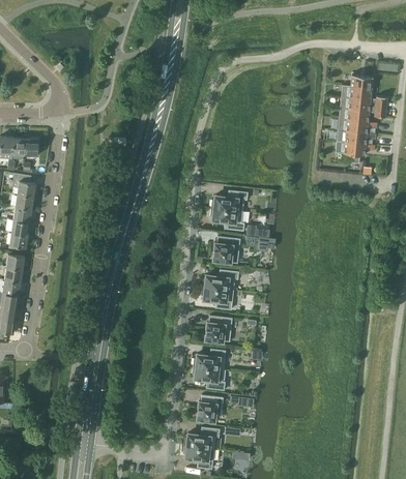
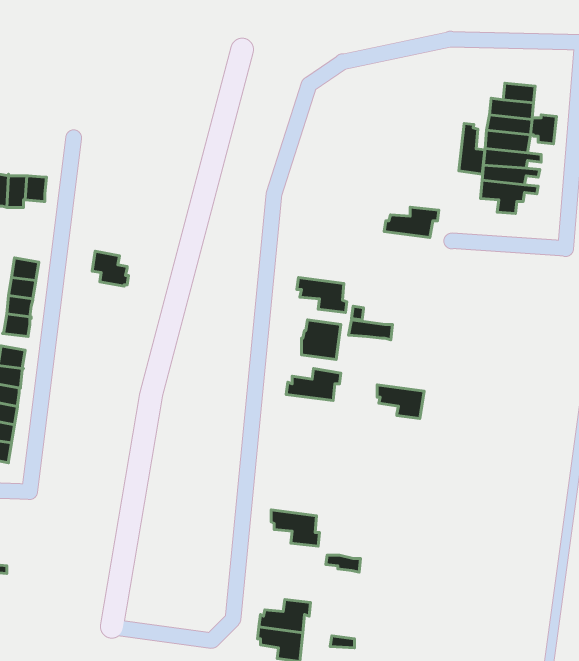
building: none -> [459,123,485,174]
building: [12,173,37,197] -> [92,251,129,286]
building: [211,190,249,211] -> [384,207,439,238]
building: [203,287,235,309] -> [377,385,424,418]
building: [205,316,232,341] -> none
building: [193,349,226,369] -> none
building: [198,395,224,421] -> none

